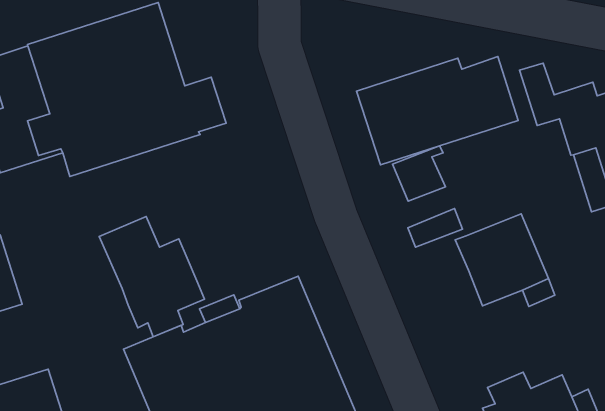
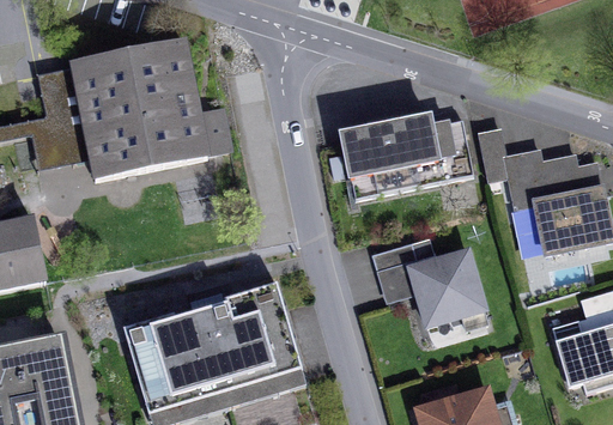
building: [393,146,445,201] -> [377,259,420,302]
building: [99,216,204,337] -> none

